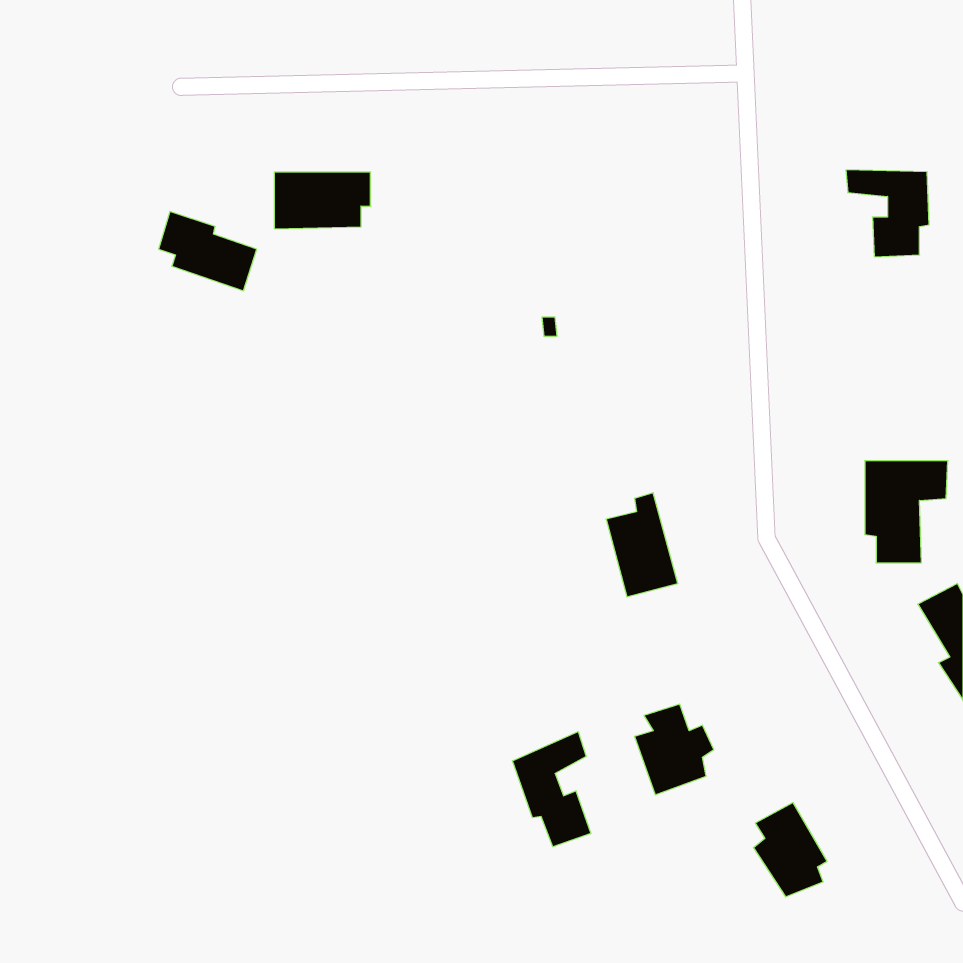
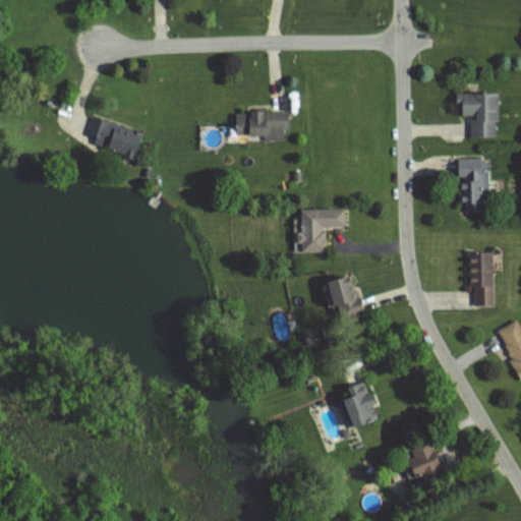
building: [274,172,371,229] -> [236,113,288,143]
building: none -> [454,154,485,212]
building: none -> [289,208,344,254]
building: [512,732,591,847] -> none

